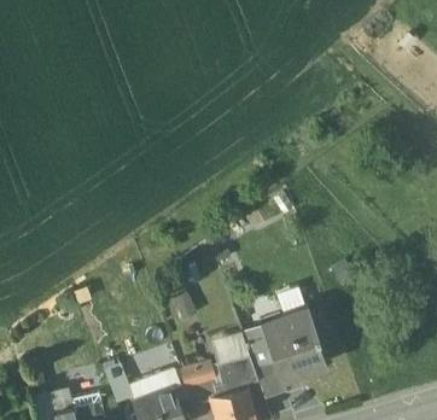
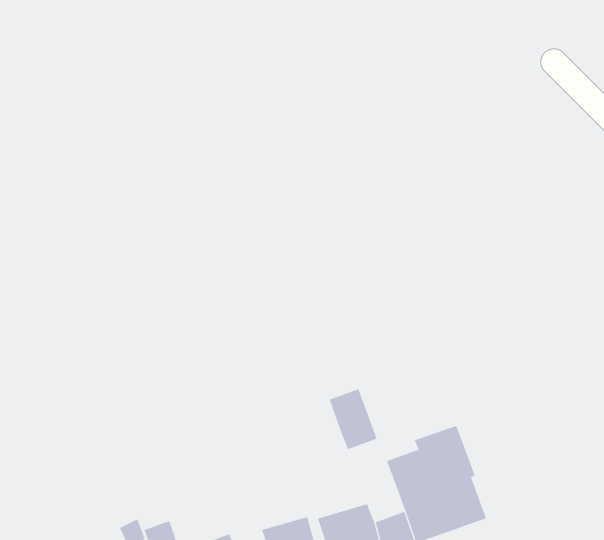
building: [243,327,274,367] -> [329,388,377,450]

